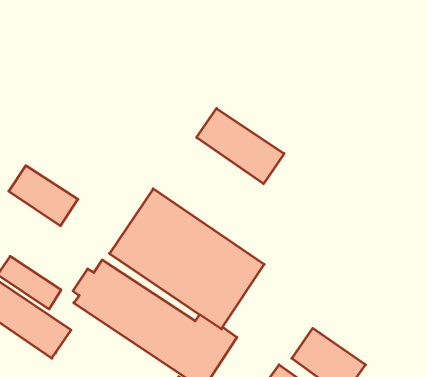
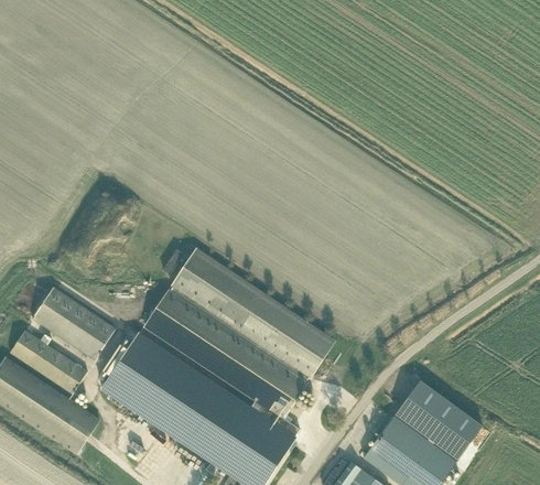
building: [197,108,284,184] -> none
building: [9,166,78,226] -> [32,288,116,360]
building: none -> [393,389,475,460]

